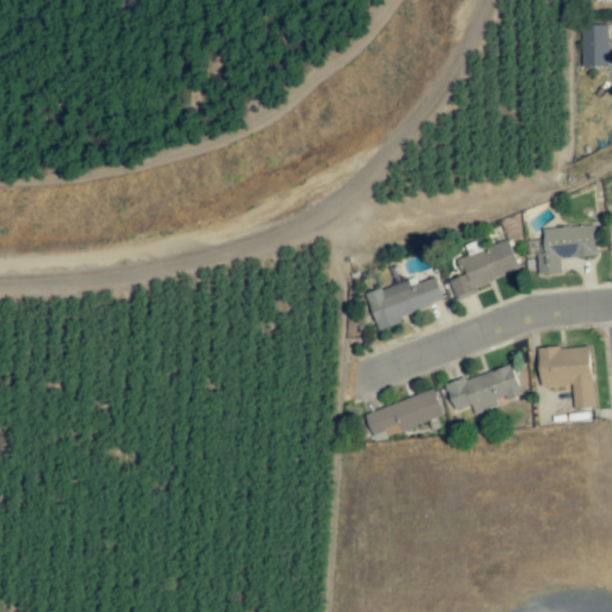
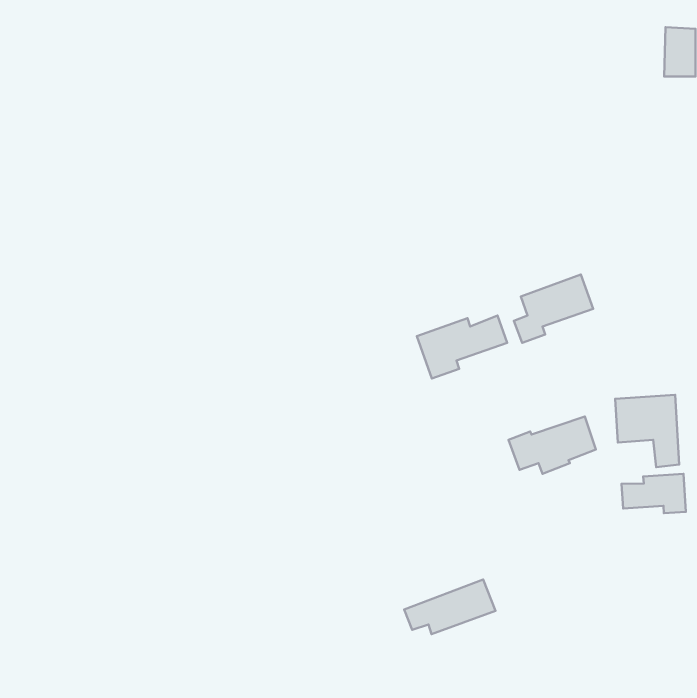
building: [528,226,596,274] -> none
building: [365,388,445,436] -> [404,579,496,634]
building: none -> [622,474,686,513]

